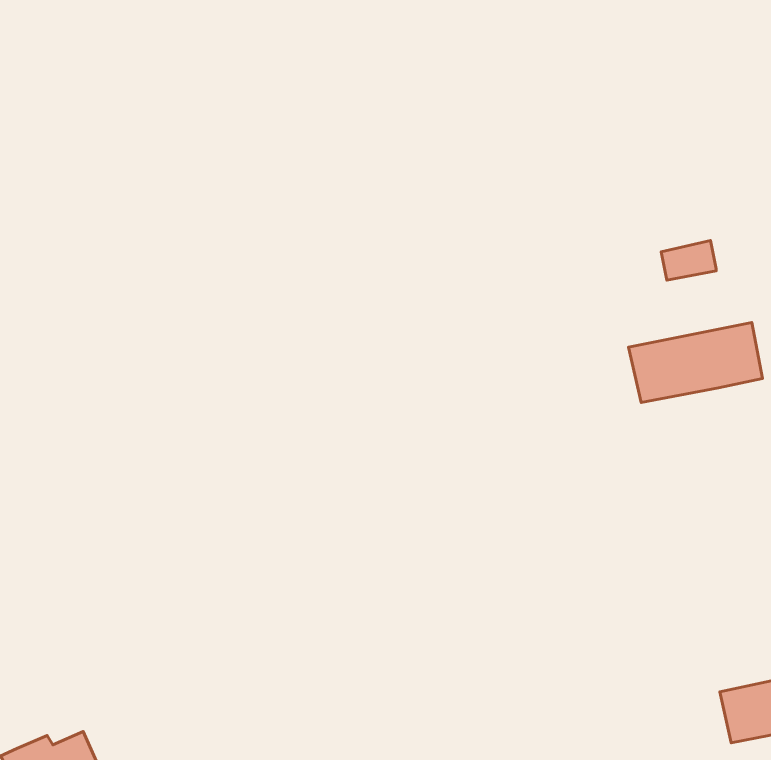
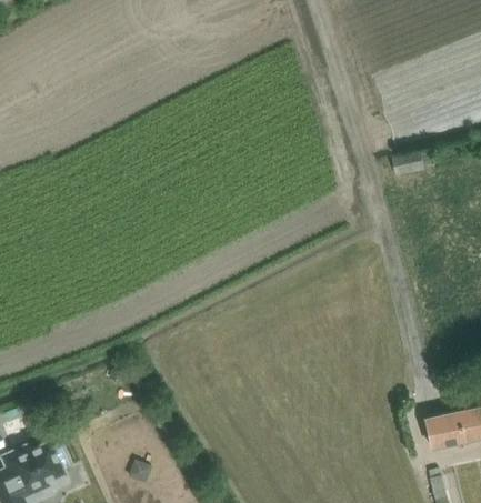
building: [628,323,762,402] -> none

